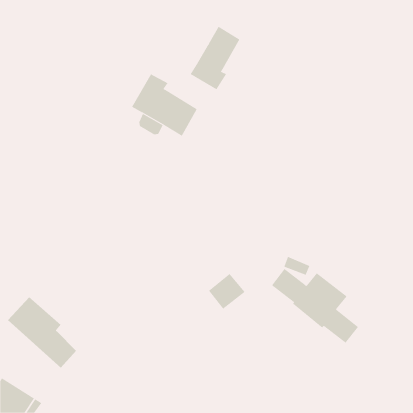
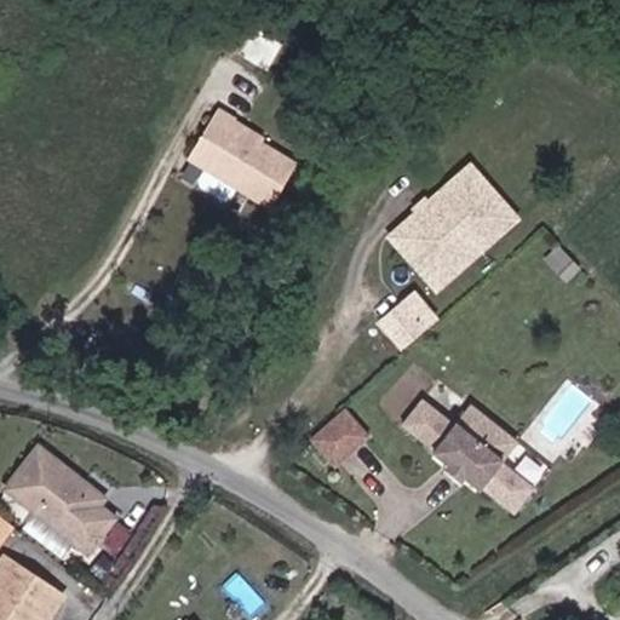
building: [190,26,240,90] -> none
building: none -> [385,161,518,291]
building: none -> [375,289,438,351]

